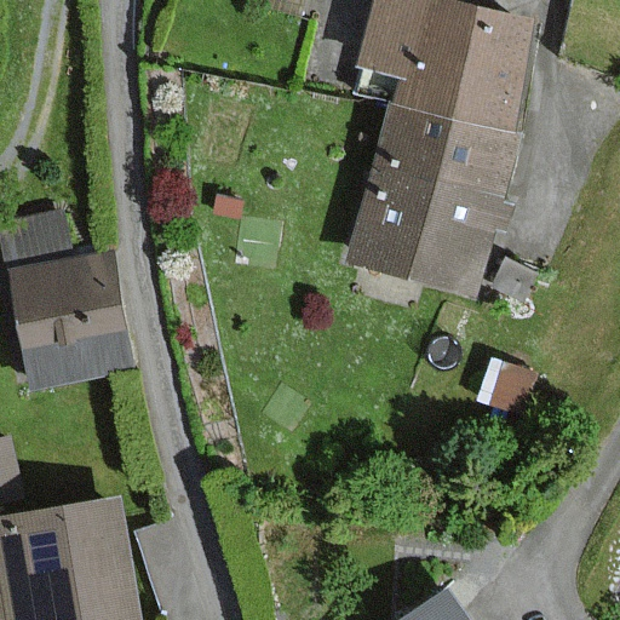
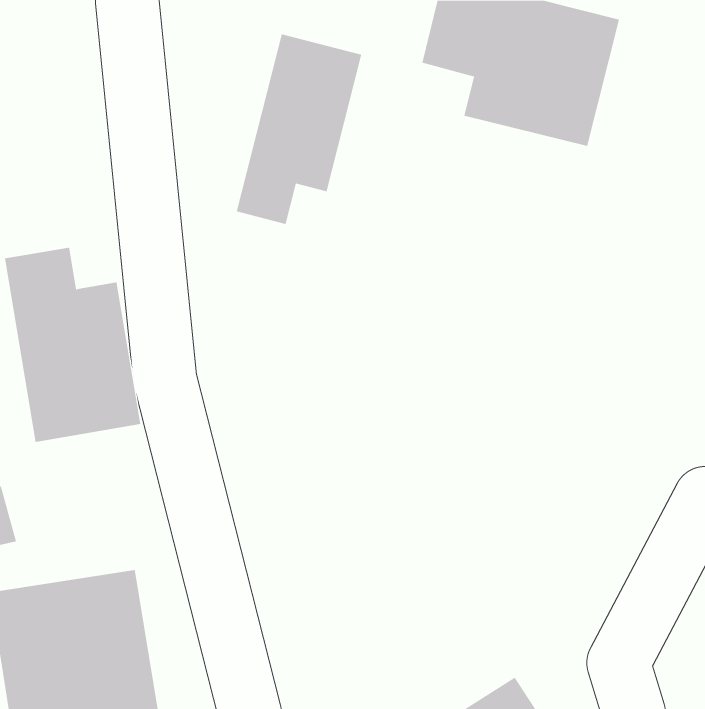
building: none -> [236,33,362,225]
building: [351,101,518,291] -> none

